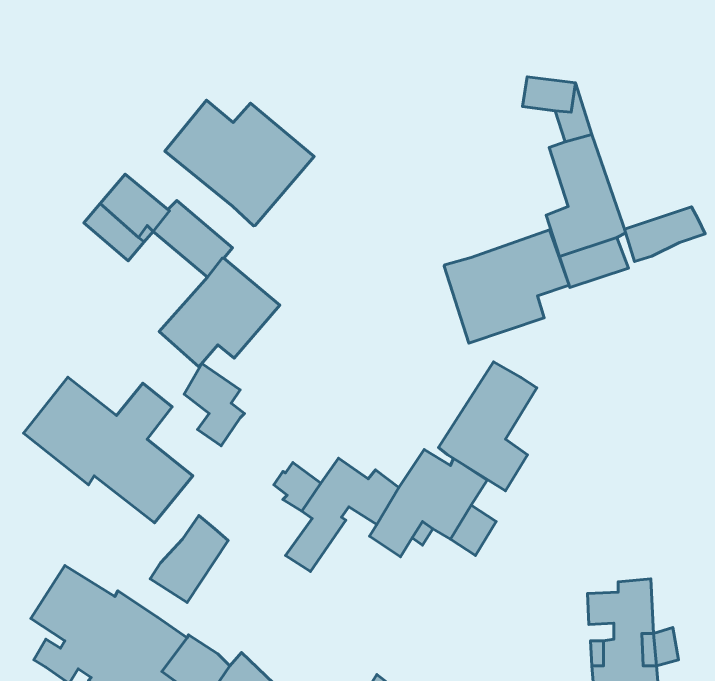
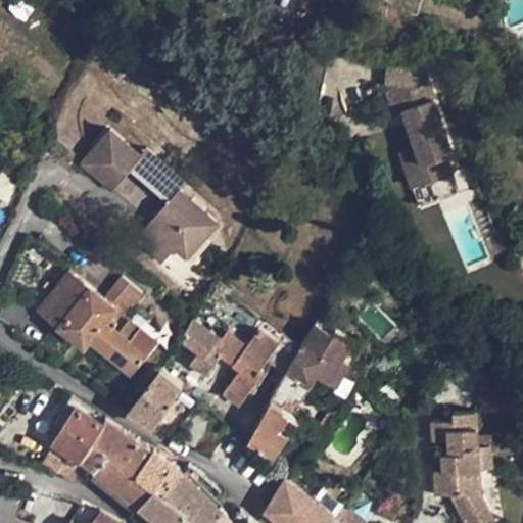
building: [165,100,314,226] -> none
building: [625,207,705,262] -> none
building: [444,230,569,343] -> none
building: [439,362,537,491] -> none
building: [184,363,245,446] -> [180,321,222,378]
building: none -> [246,402,297,462]

